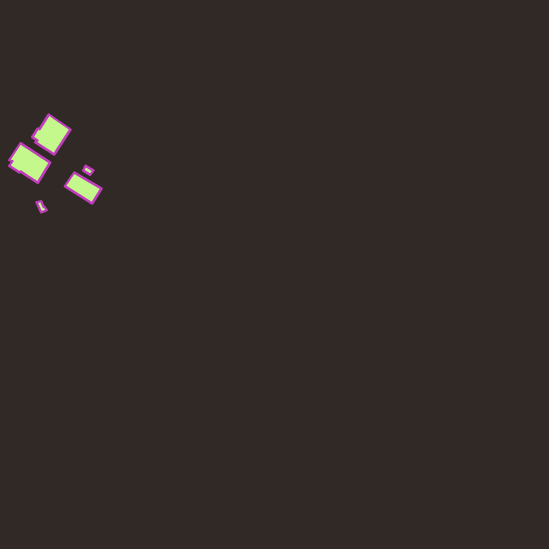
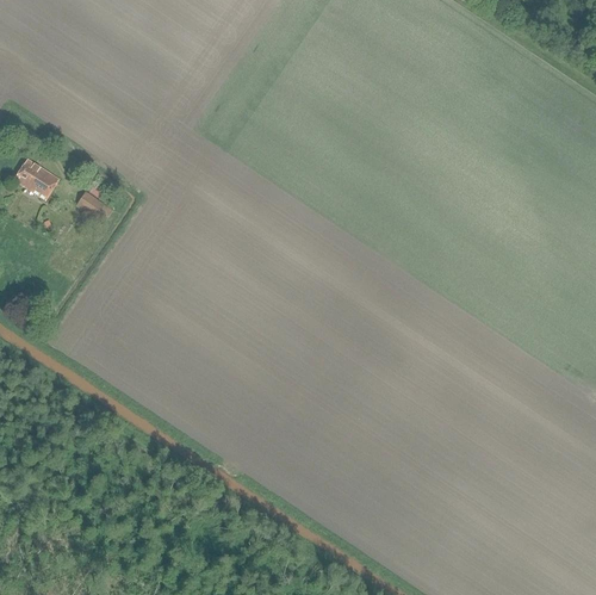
building: [32,114,70,154] -> none

